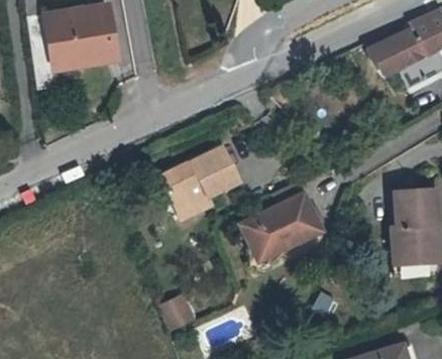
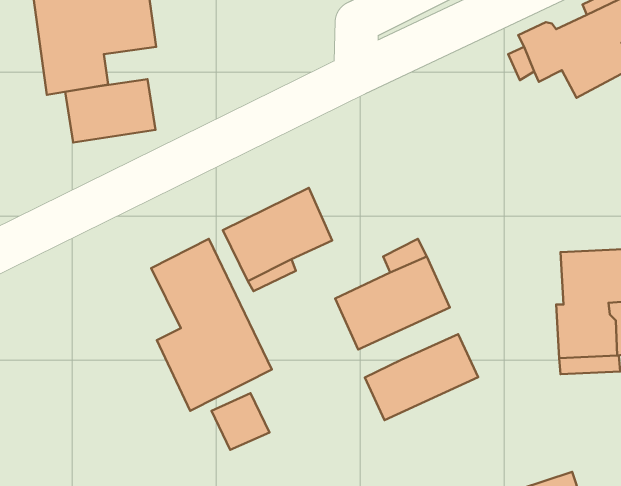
building: none -> [65,79,155,142]
building: none -> [151,239,272,411]
building: none -> [365,334,478,420]

